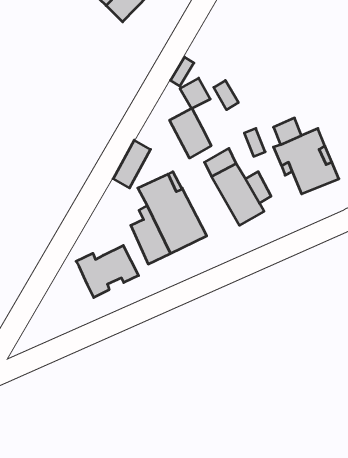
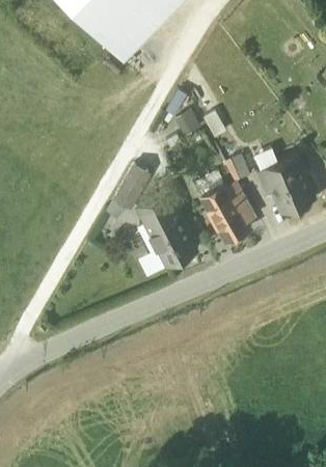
building: [170,108,211,158] -> none
building: [76,245,139,298] -> none

